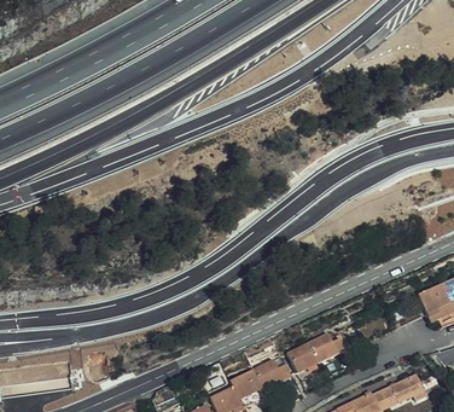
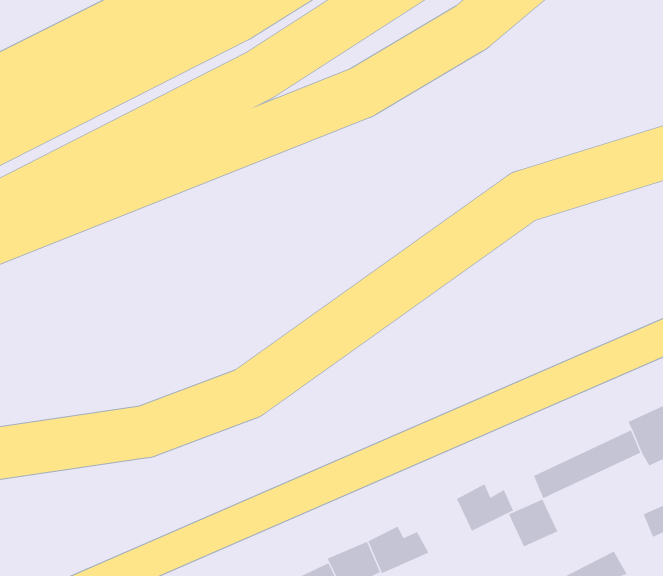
building: [291,342,322,372] -> [508,499,558,547]

